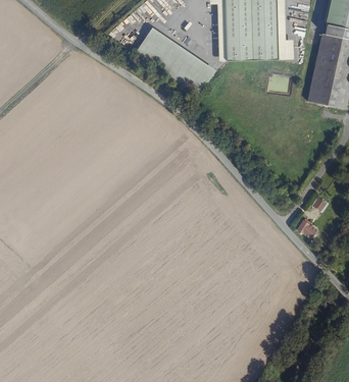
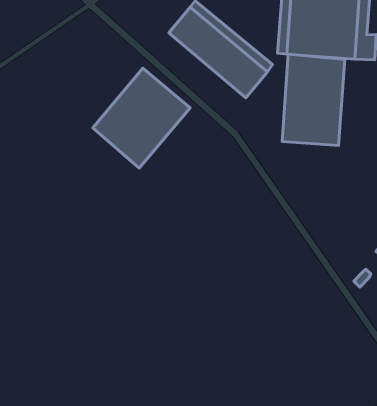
building: none -> [282,54,345,145]
building: none -> [93,68,190,168]

